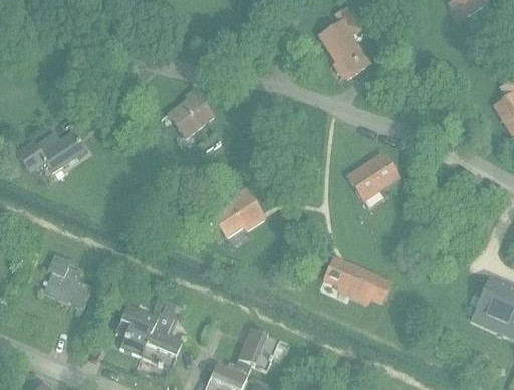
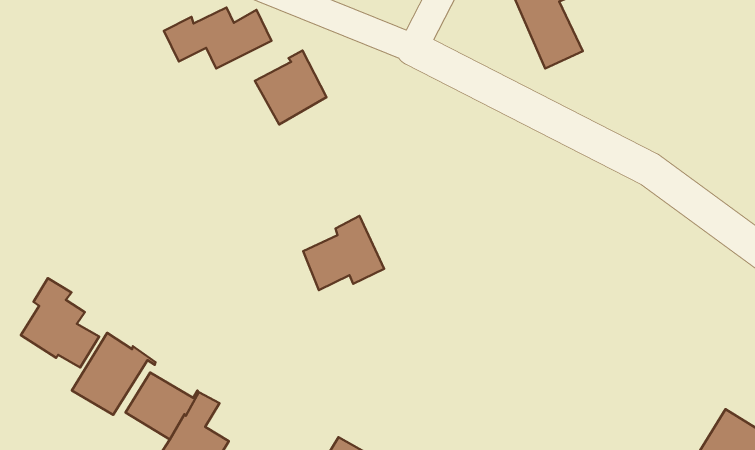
building: [17,131,85,171] -> [164,7,271,68]
building: [348,154,400,201] -> none
building: [324,257,391,304] -> none
building: none -> [72,333,156,415]

